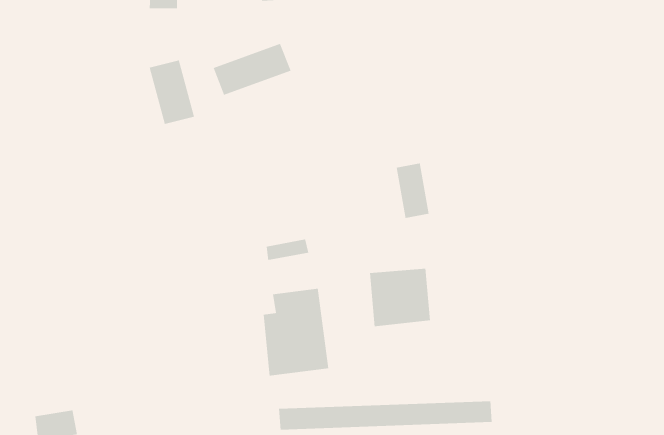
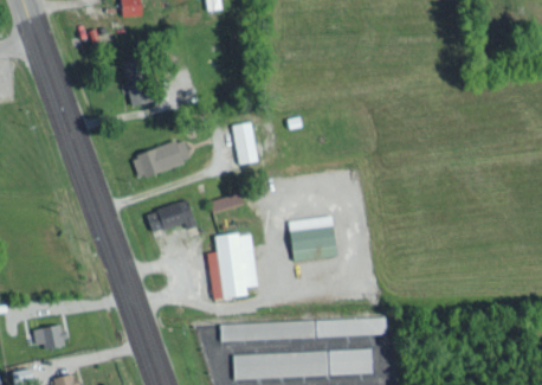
building: [213,43,291,96] -> [131,139,192,179]
building: [396,163,430,219] -> [232,122,258,165]
building: none -> [144,200,196,235]

